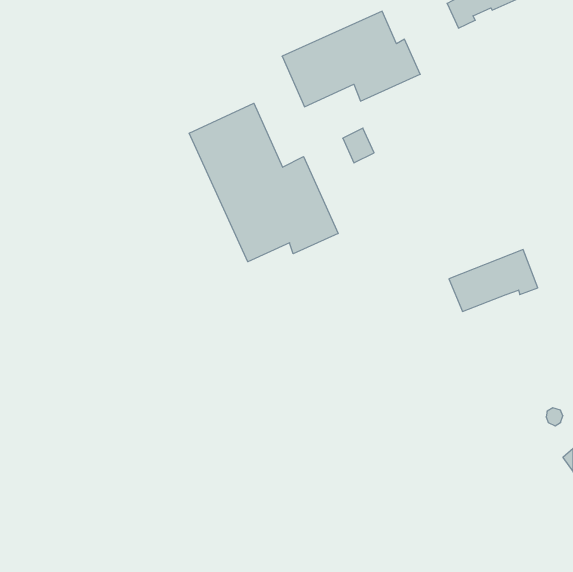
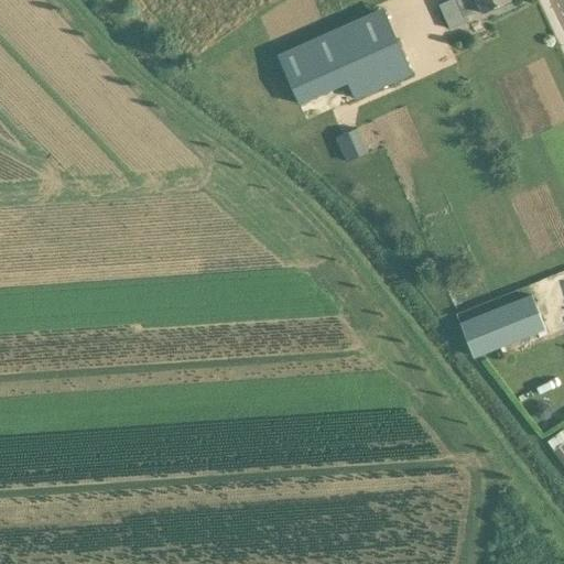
building: [189,103,338,262] -> none
building: [449,250,538,311] -> [460,294,547,355]

